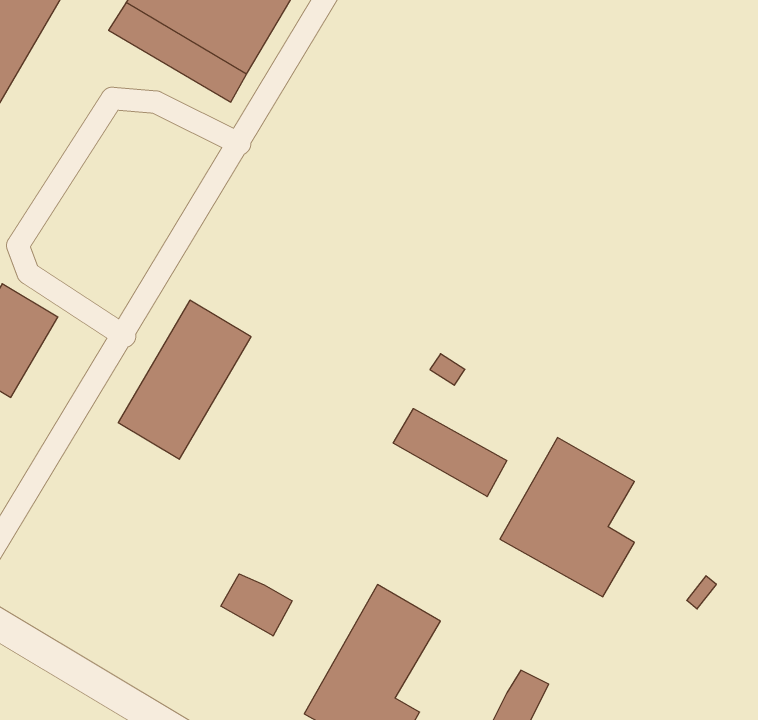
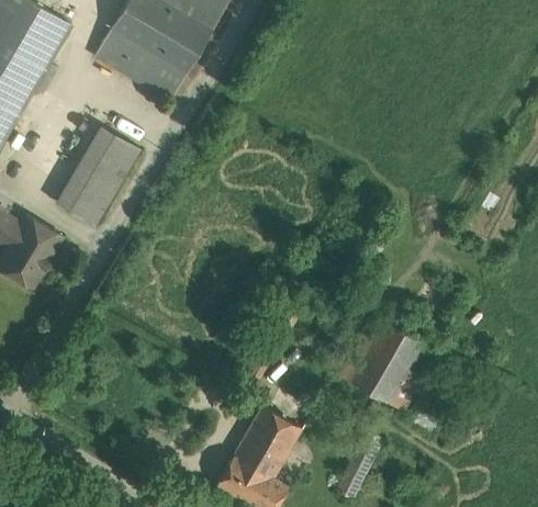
building: [118,300,251,459] -> [56,125,139,225]
building: [393,409,507,497] -> none
building: [221,574,292,636] -> none

